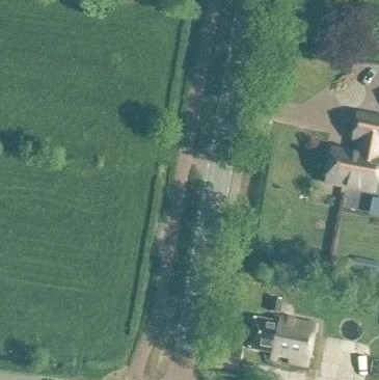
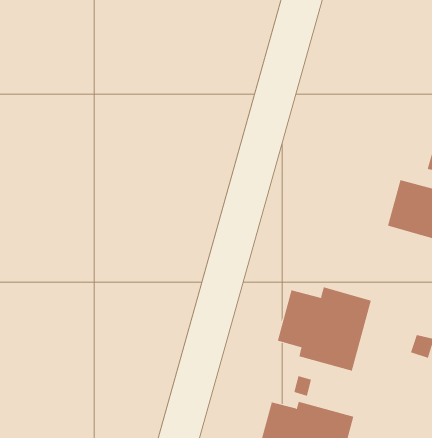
building: none -> [277,287,371,371]

